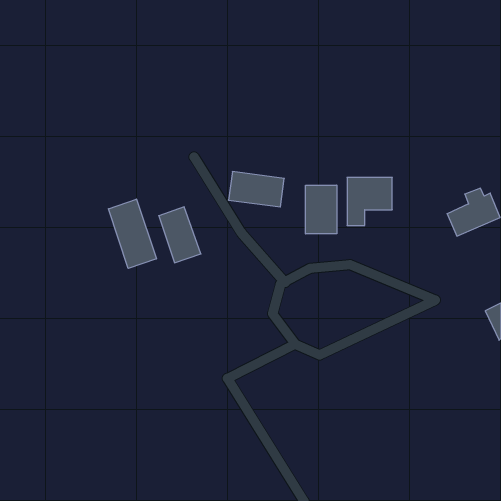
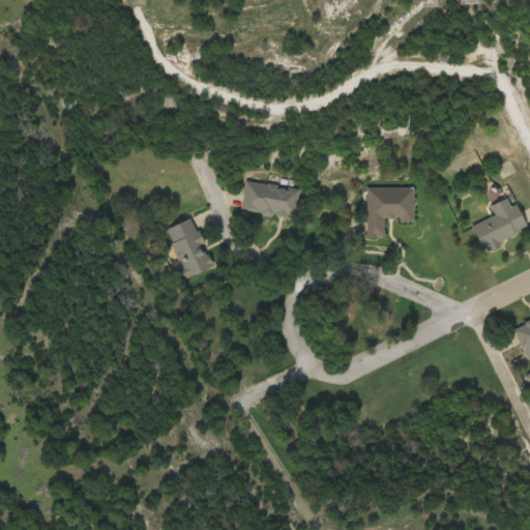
building: [306,185,337,234] -> none
building: [108,199,156,268] -> none

